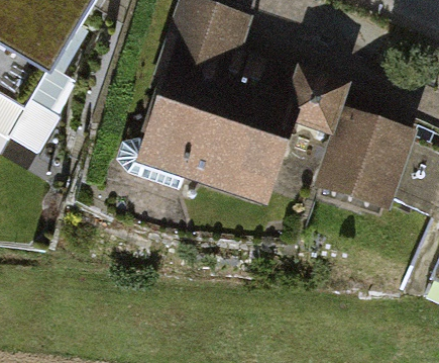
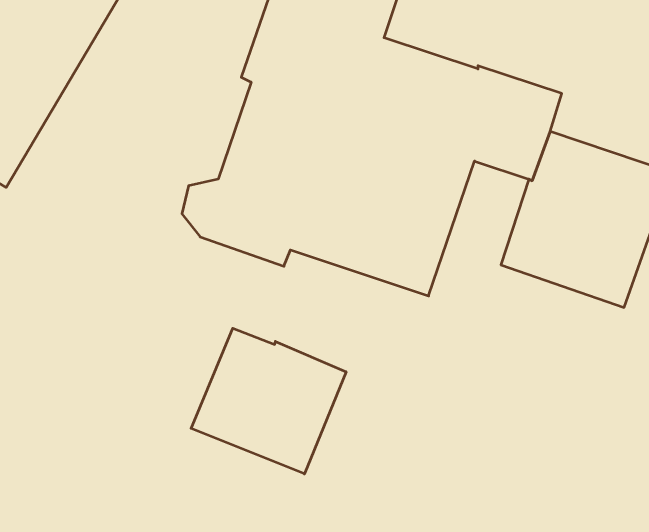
building: none -> [191,328,346,474]

